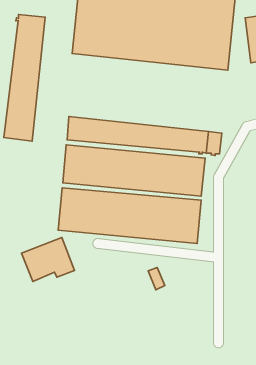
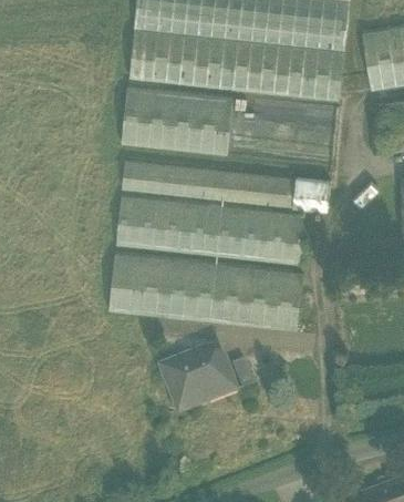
building: [4,15,45,141] -> none
building: none -> [120,81,336,162]
building: [21,237,74,281] -> [164,346,235,404]

